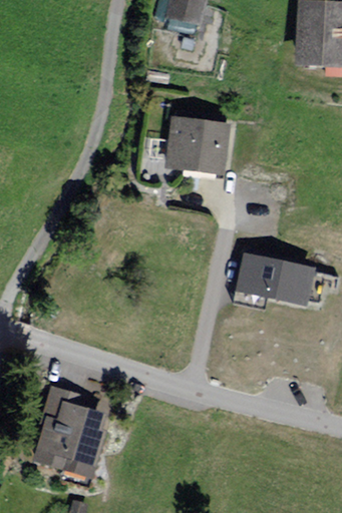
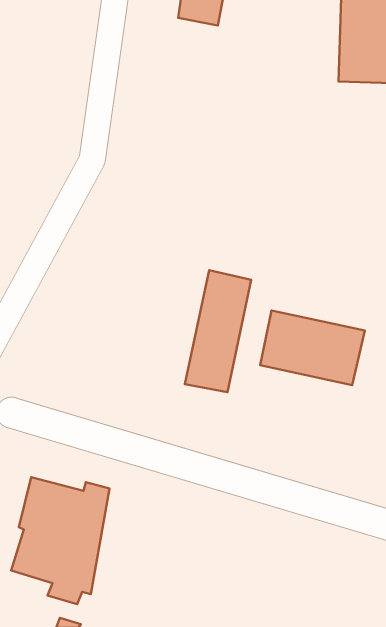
building: [165,115,231,173] -> none
building: none -> [185,270,251,392]

